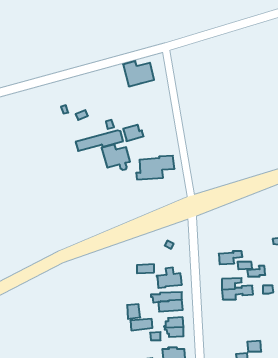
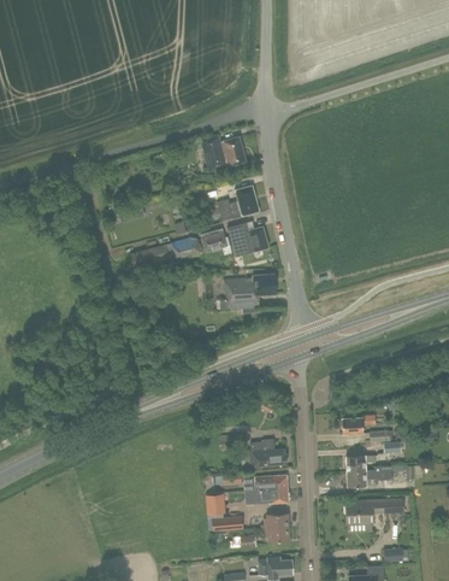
building: none -> [217,184,259,221]
building: [101,145,130,170] -> [226,222,268,259]
building: none -> [345,498,403,523]

